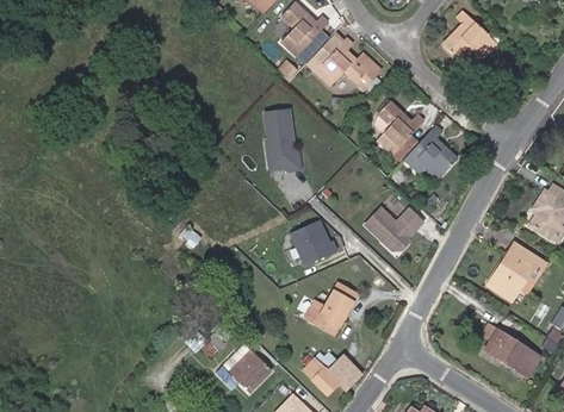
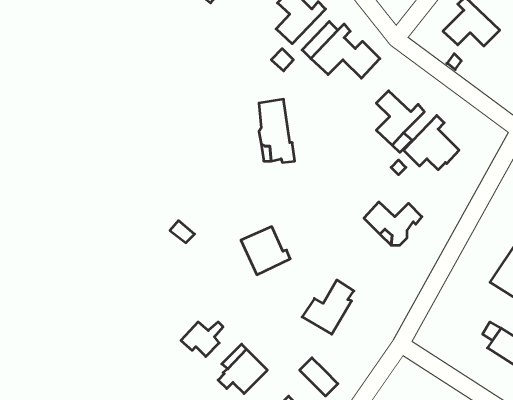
building: [289,218,336,264] -> [241,227,290,275]
building: [327,355,361,388] -> none

